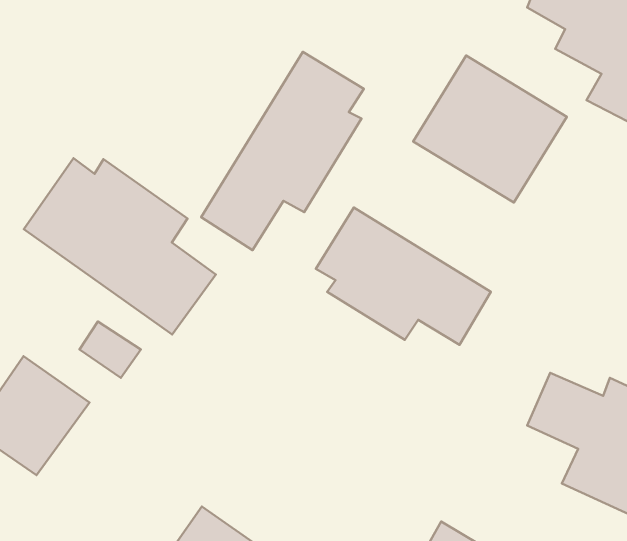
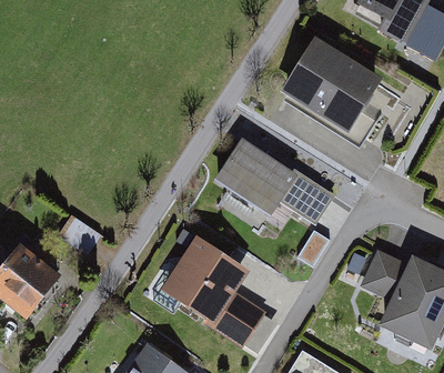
building: [201,52,364,250] -> none
building: [24,158,216,334] -> none
building: none -> [149,236,265,349]

